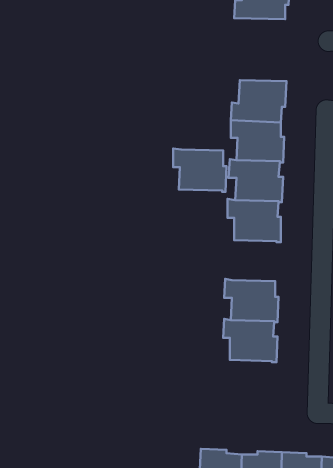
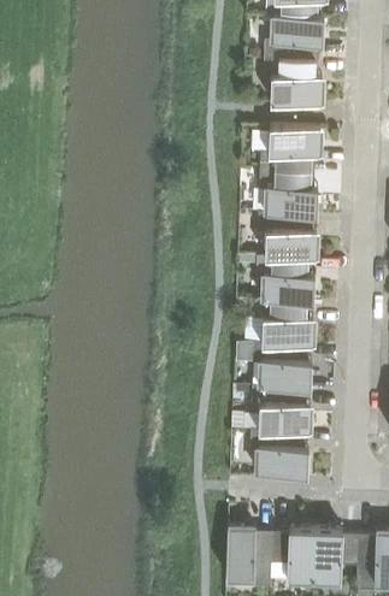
building: none -> [264,61,322,107]
building: [173,148,227,192] -> [255,301,313,348]
building: none -> [251,431,308,478]

